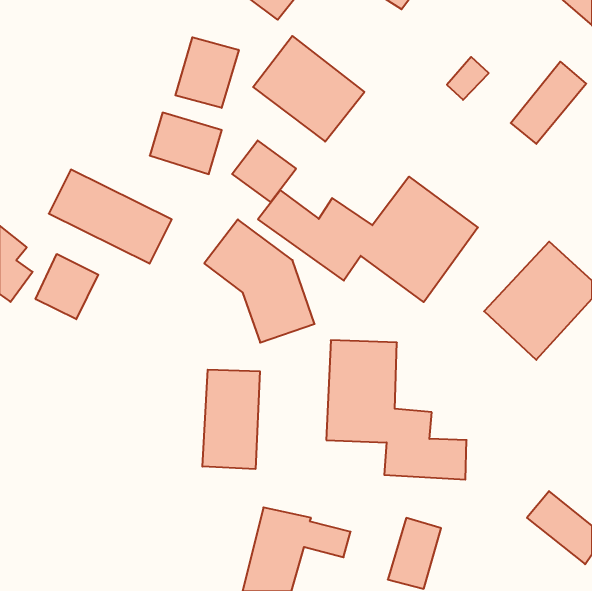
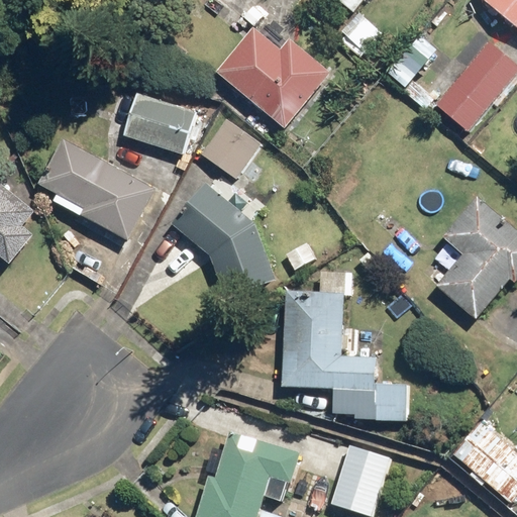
building: [175,37,239,108] -> none
building: [258,177,478,302] -> none
building: [36,254,98,319] -> none
building: [202,370,260,469] -> none

